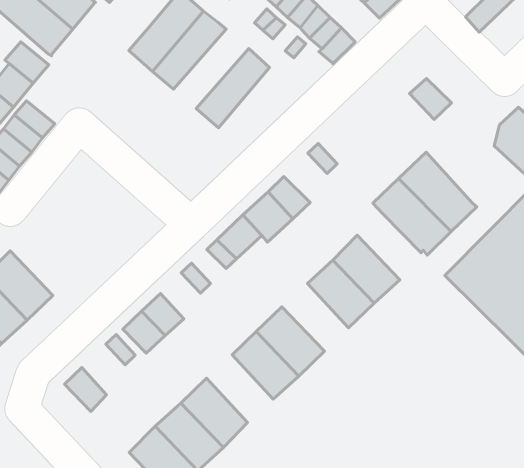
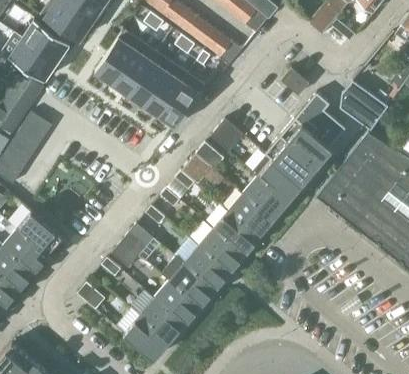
building: none -> [127,51,173,105]
building: none -> [159,73,205,127]
building: none -> [296,93,346,147]
building: none -> [257,160,304,202]
building: none -> [213,211,258,254]
building: none -> [169,263,214,306]

